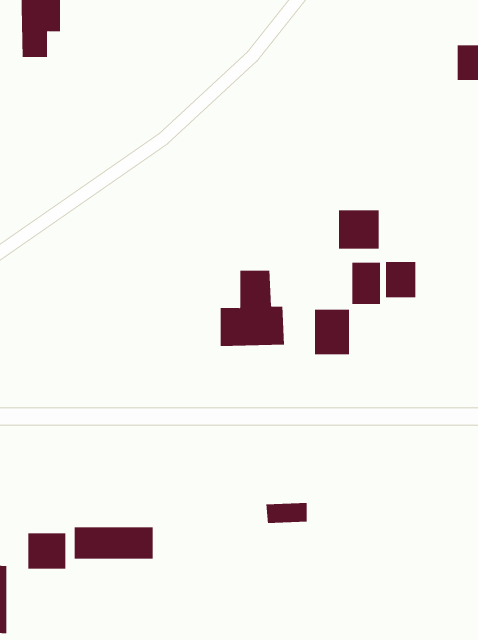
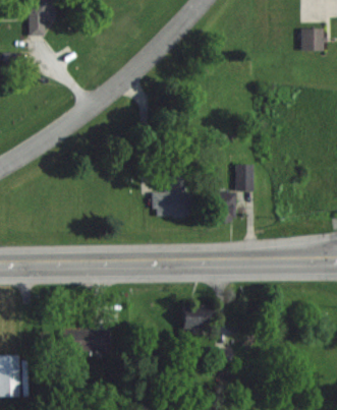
building: [338,210,379,249] -> none
building: [385,261,416,298] -> none
building: [28,532,66,569] -> none

